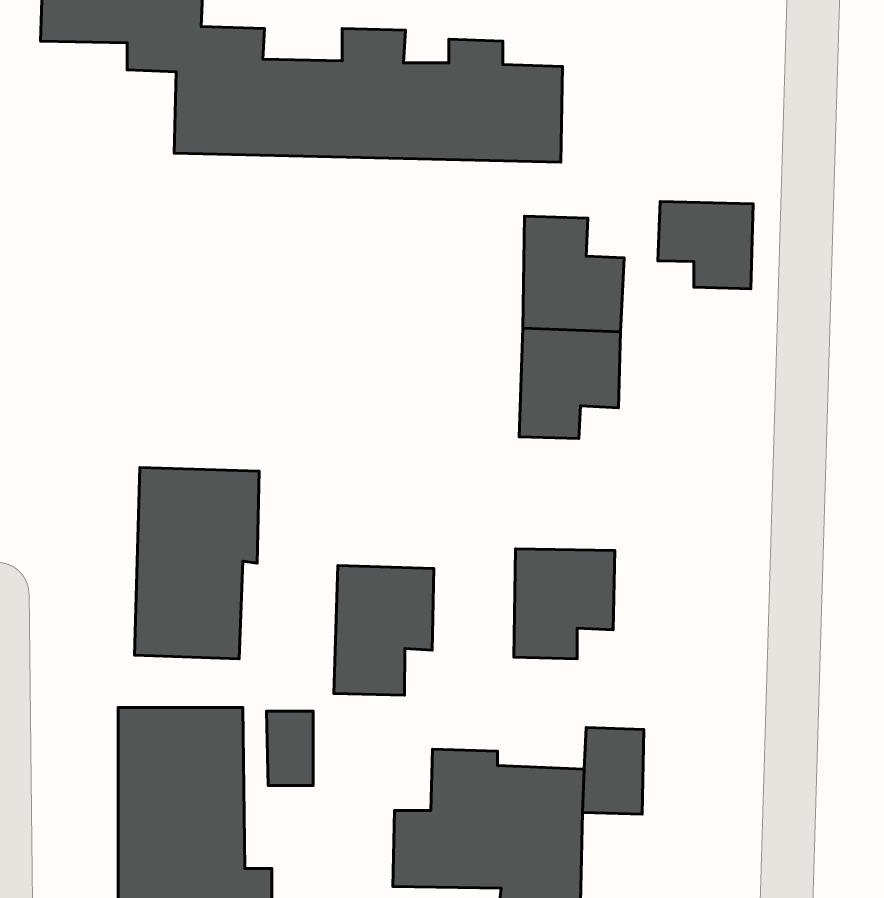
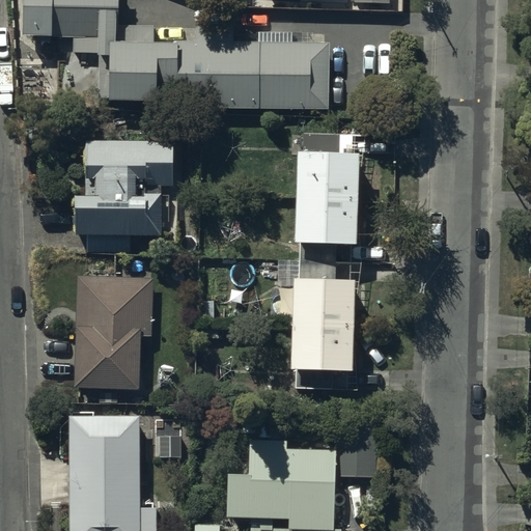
building: [658,201,753,289] -> none
building: none -> [76,143,172,235]
building: none -> [297,261,355,327]
building: [334,565,434,695] -> none

